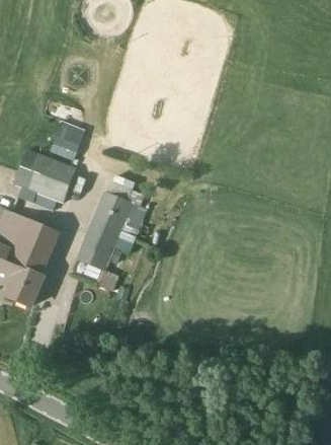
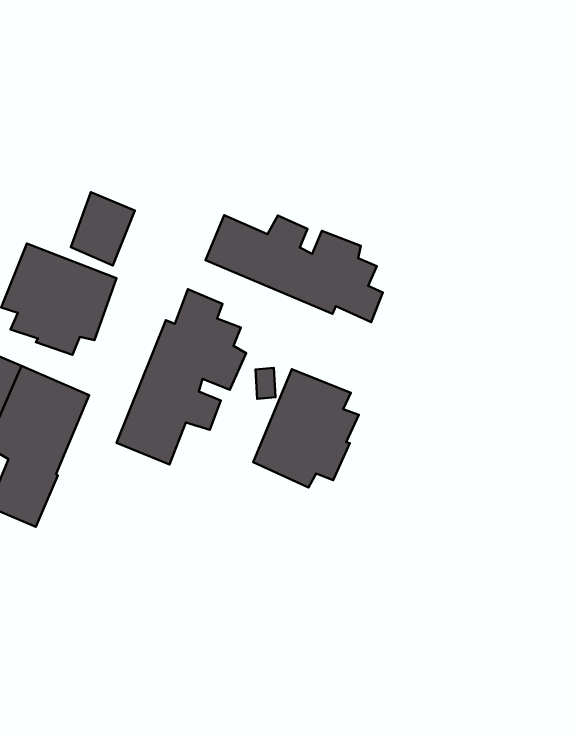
building: none -> [206,215,383,322]
building: none -> [253,369,359,487]

